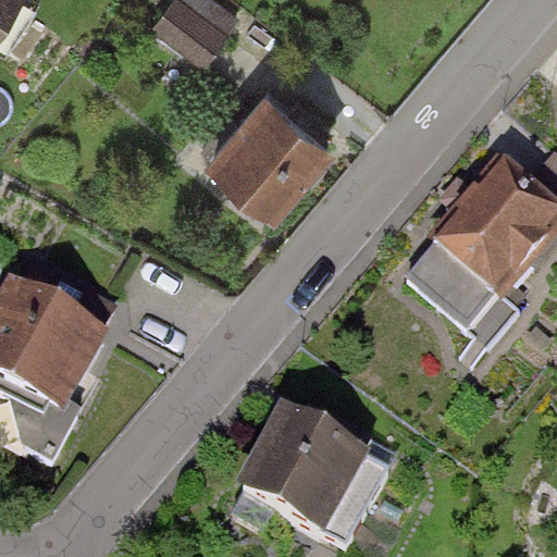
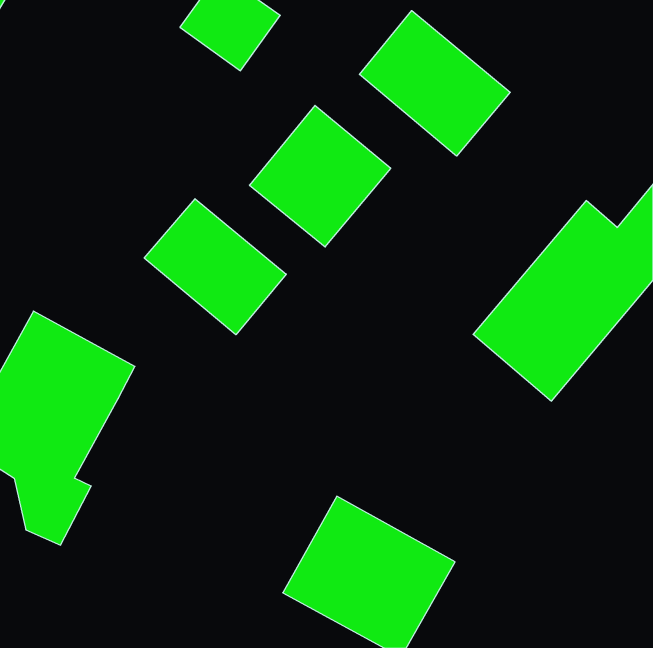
building: none -> [359,11,510,156]
building: none -> [144,199,286,335]

